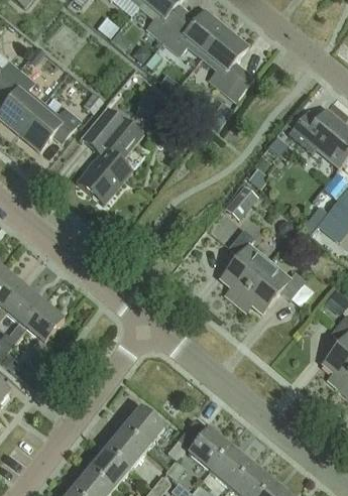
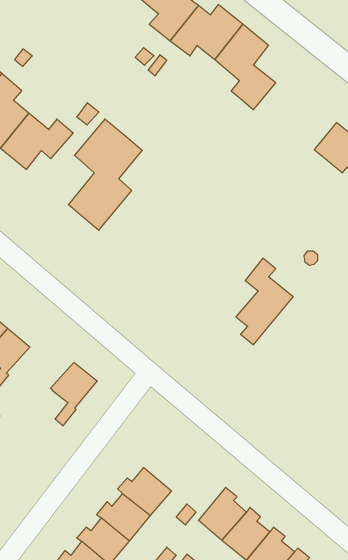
building: [225,185,258,220] -> none
building: [236,261,306,313] -> none
building: [23,304,64,359] -> [50,363,97,426]

